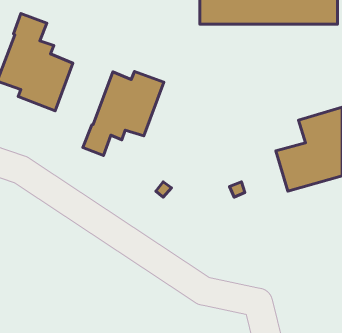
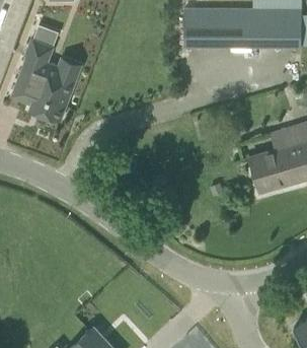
building: [83,72,164,156] -> none

